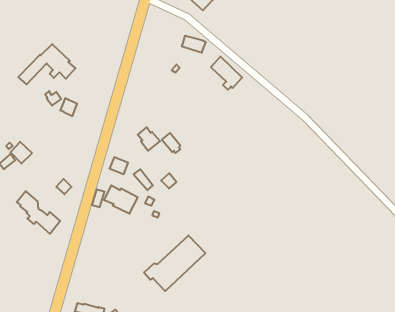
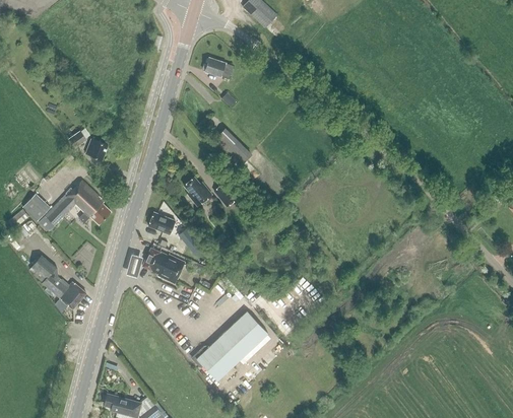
building: [182,36,206,53] -> [203,56,234,77]
building: [18,44,76,84] -> [39,181,111,231]
building: [211,57,242,90] -> [212,127,252,168]

